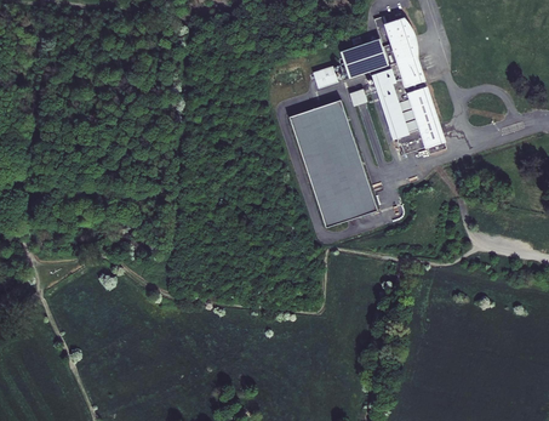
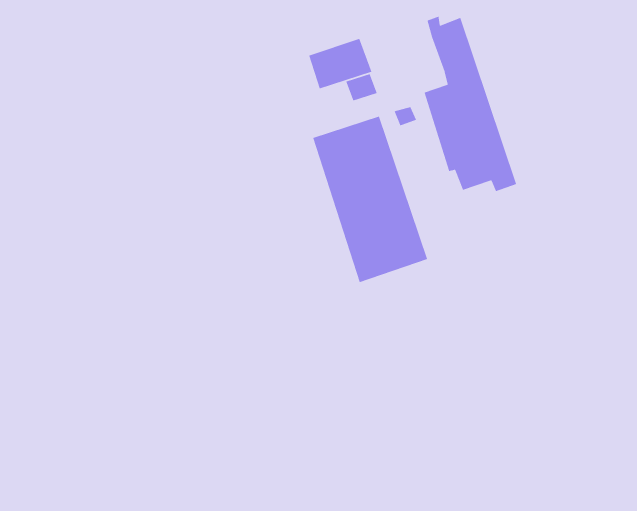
building: [341,33,390,73] -> [308,38,372,90]

